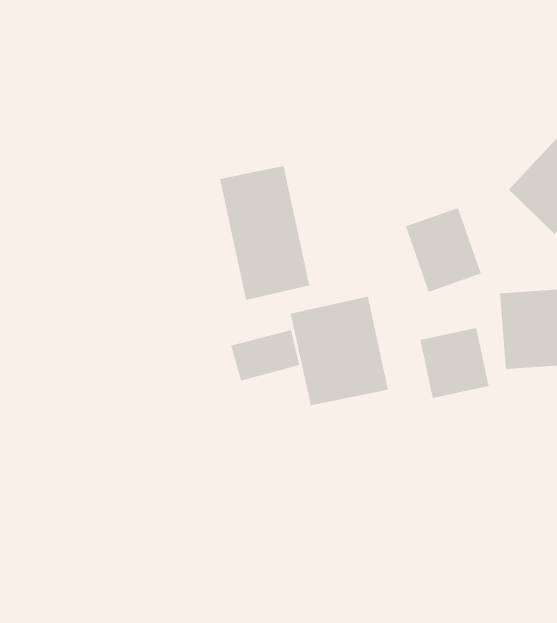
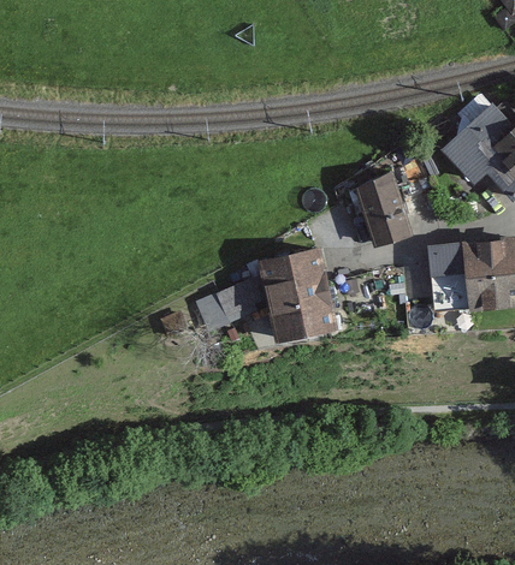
building: [219,165,310,301] -> none
building: [419,327,490,399] -> none

